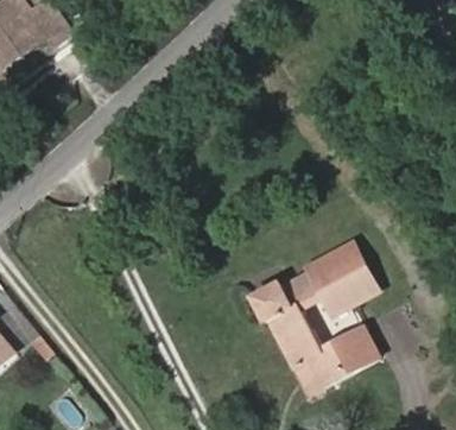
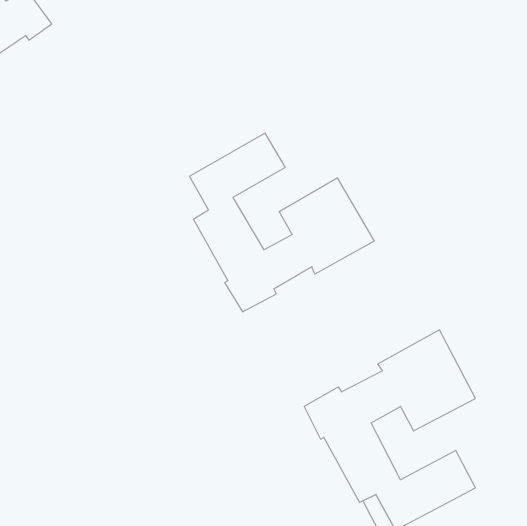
building: none -> [190,133,374,312]

